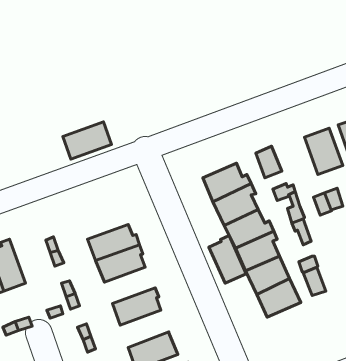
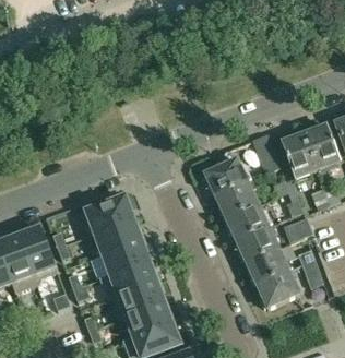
building: [63,122,111,159] -> [85,196,132,232]
building: none -> [281,134,316,179]
building: none -> [17,227,55,275]
building: [209,236,246,283] -> none
building: none -> [109,260,158,295]
building: none -> [124,301,175,337]

